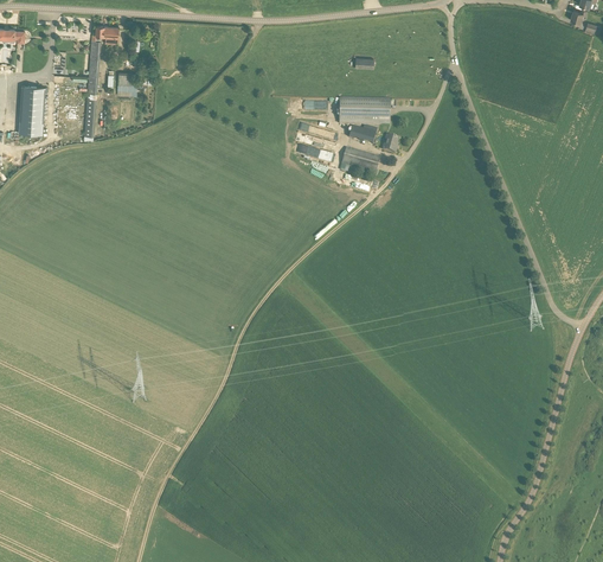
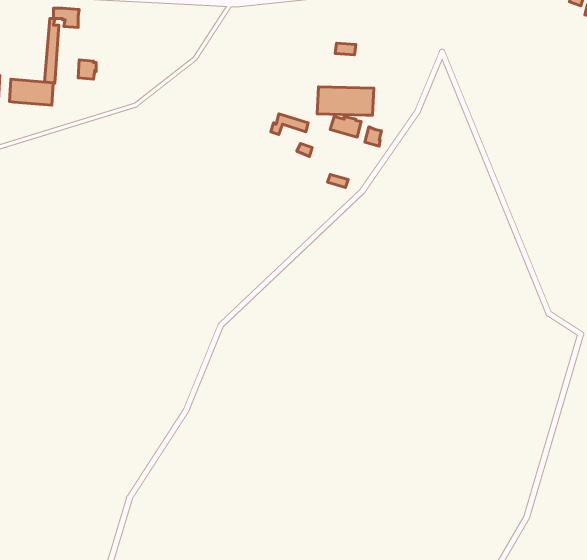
building: none -> [9,79,53,105]
building: [340,148,379,174] -> none

